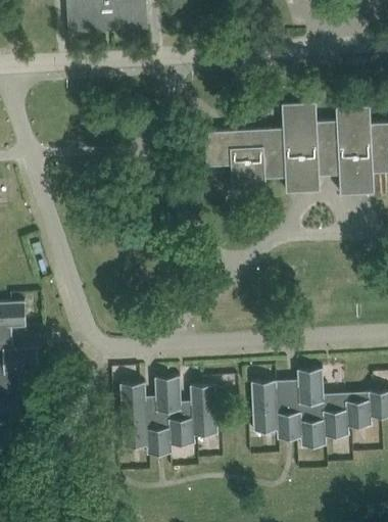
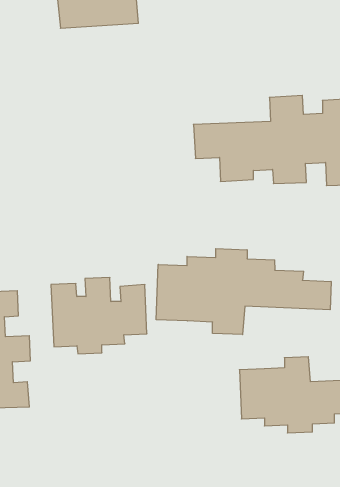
building: none -> [156,249,331,335]
building: [119,377,217,455] -> [51,278,147,354]

